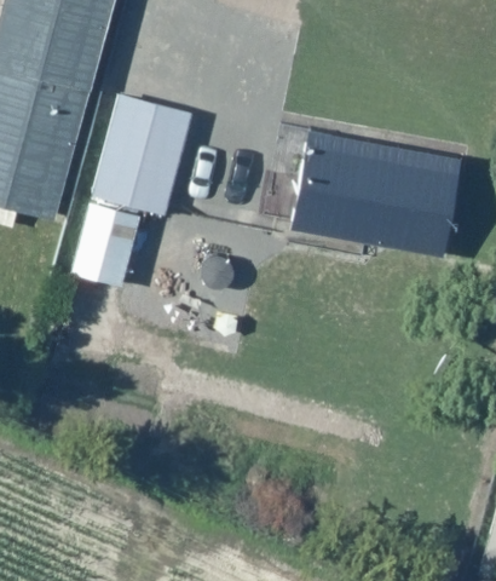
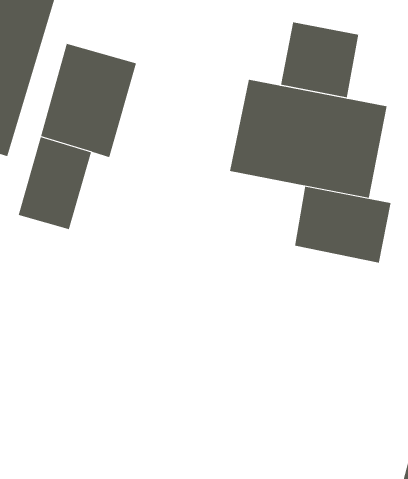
building: none -> [280,22,359,98]
building: none -> [294,186,391,263]

